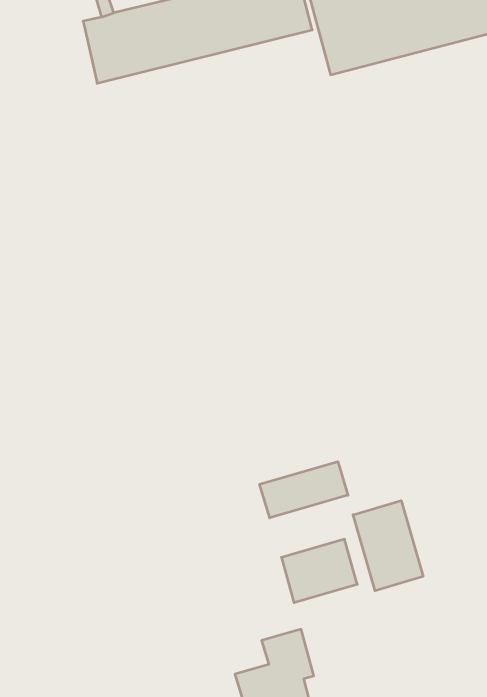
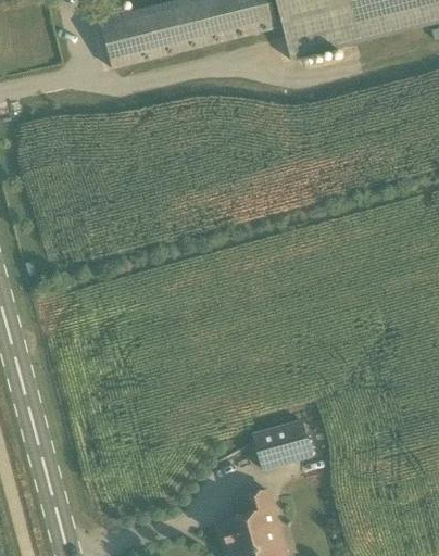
building: [260,462,348,518] -> none
building: [353,501,423,591] -> none

